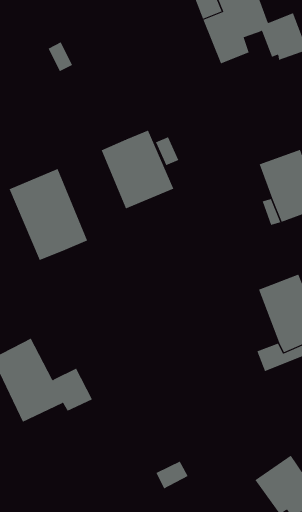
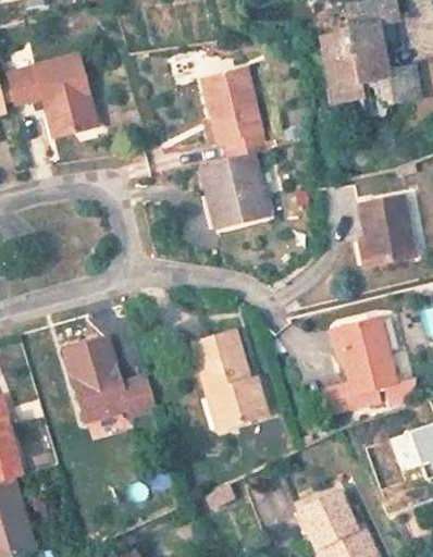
building: none -> [202,66,269,158]
building: [9,168,88,261] -> none
building: none -> [188,329,262,423]

